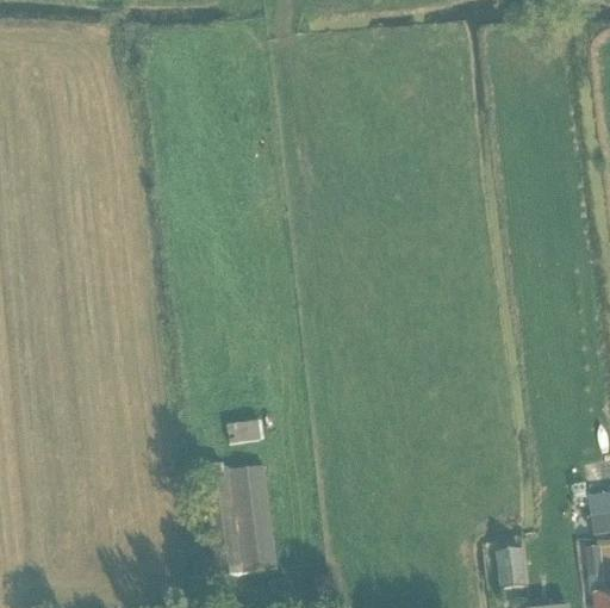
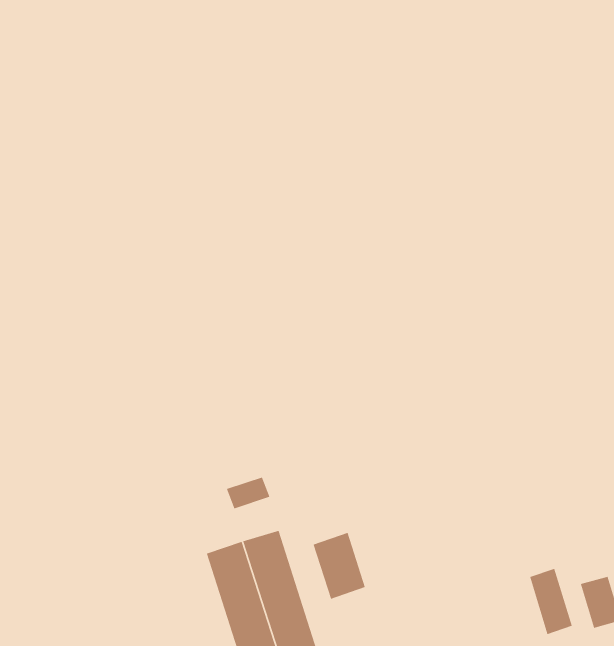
building: none -> [313,532,366,600]
building: none -> [529,568,573,635]

